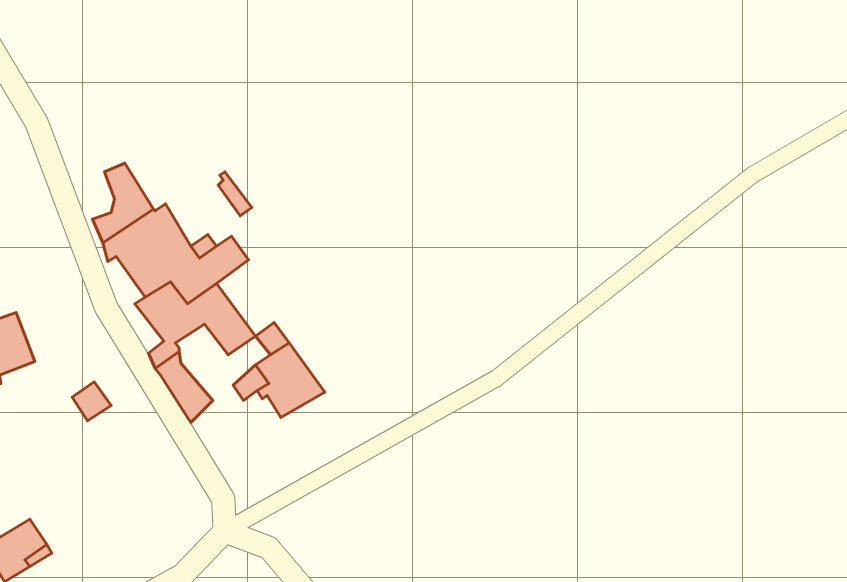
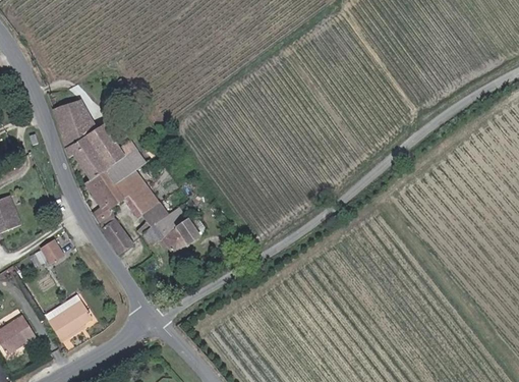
building: none -> [52,107,72,135]
building: none -> [136,206,166,238]
building: none -> [48,289,95,333]

